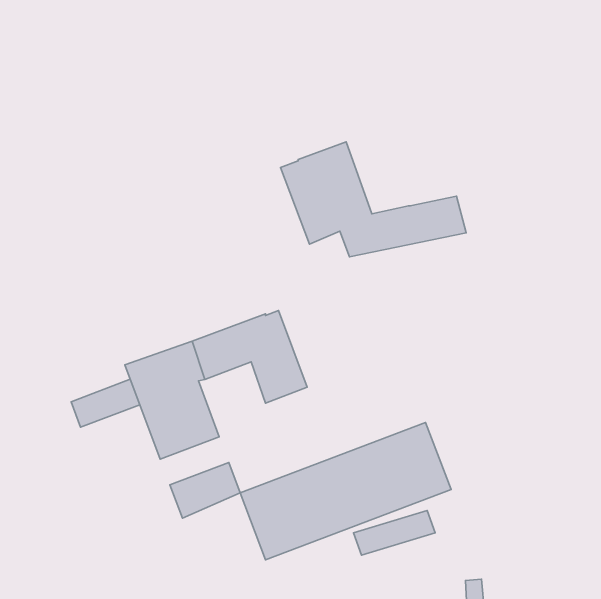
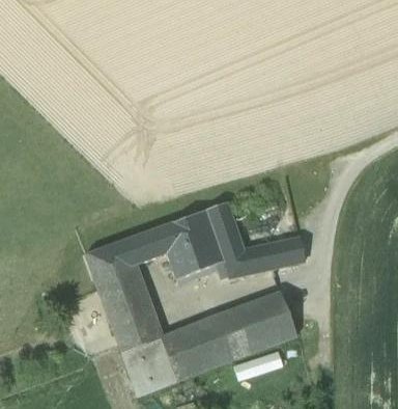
building: [281,142,466,257] -> [184,201,305,276]
building: [71,379,140,427] -> [108,300,152,331]
building: none -> [122,336,176,396]

